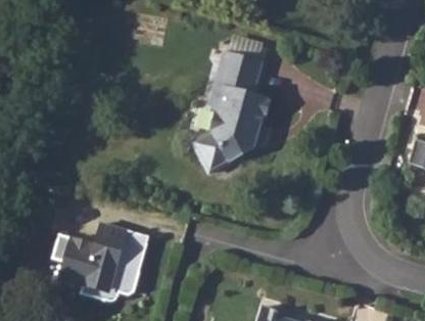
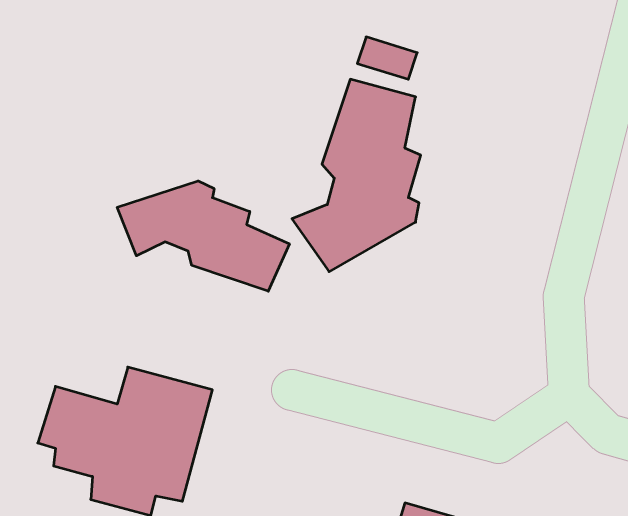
building: none -> [117,181,289,291]

